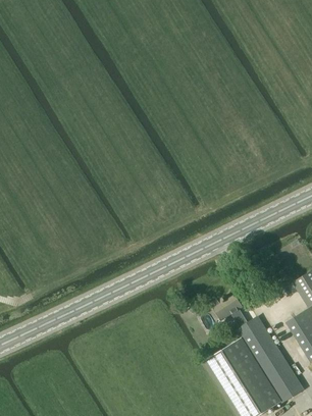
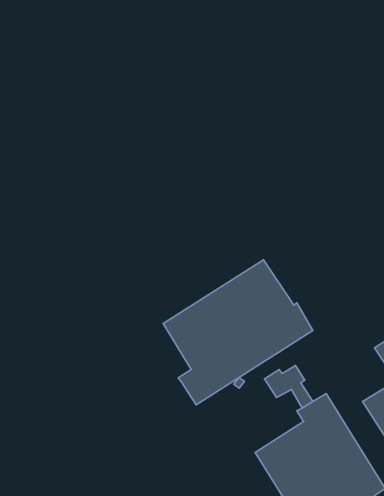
building: none -> [163,260,313,405]

